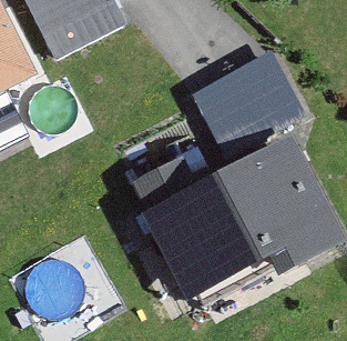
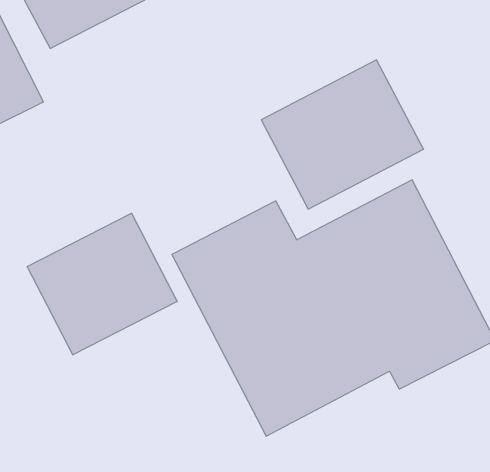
building: none -> [27,213,177,355]

